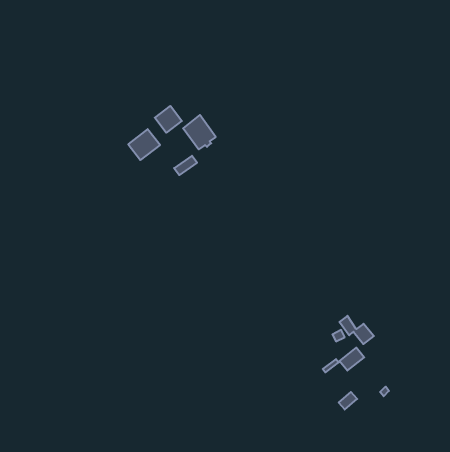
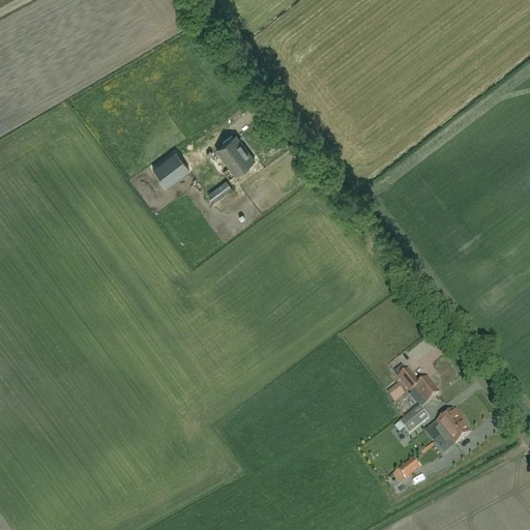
building: [155,106,182,133] -> none
building: none -> [435,410,468,445]

